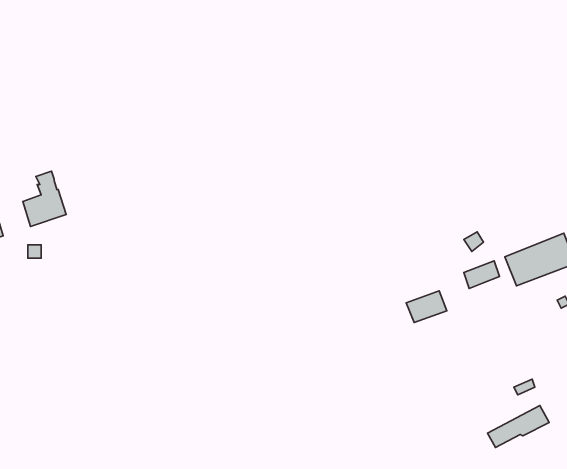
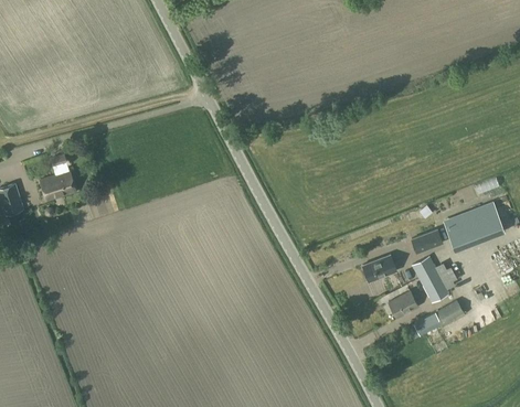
building: none -> [412,254,450,301]
building: none -> [388,289,418,317]
building: [487,405,549,448] -> [413,299,465,334]

